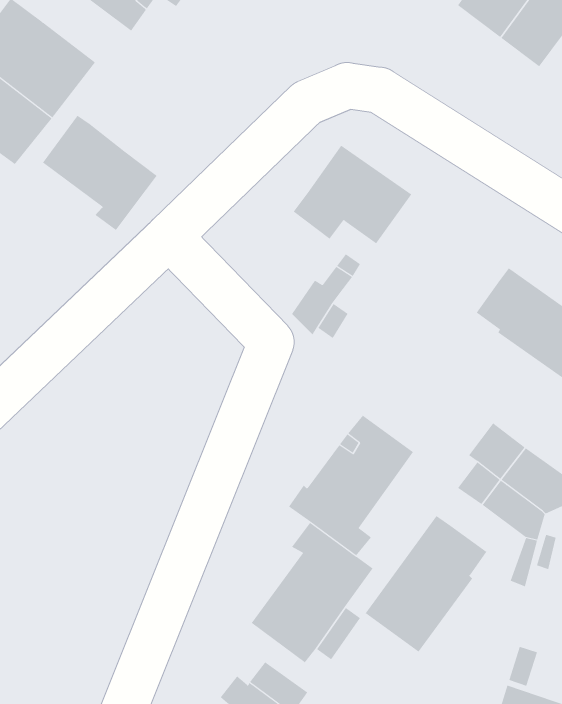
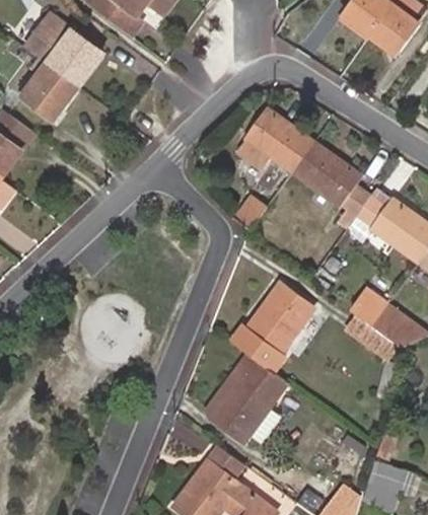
building: [42,115,157,231] -> none
building: none -> [290,139,370,228]
building: [365,515,487,653] -> none

